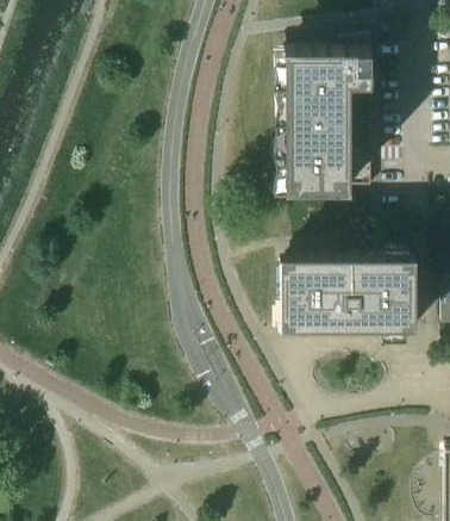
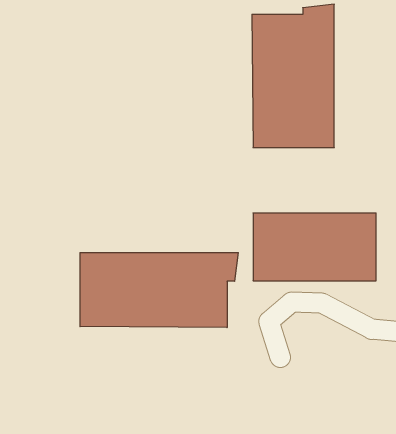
building: none -> [80,253,238,328]

